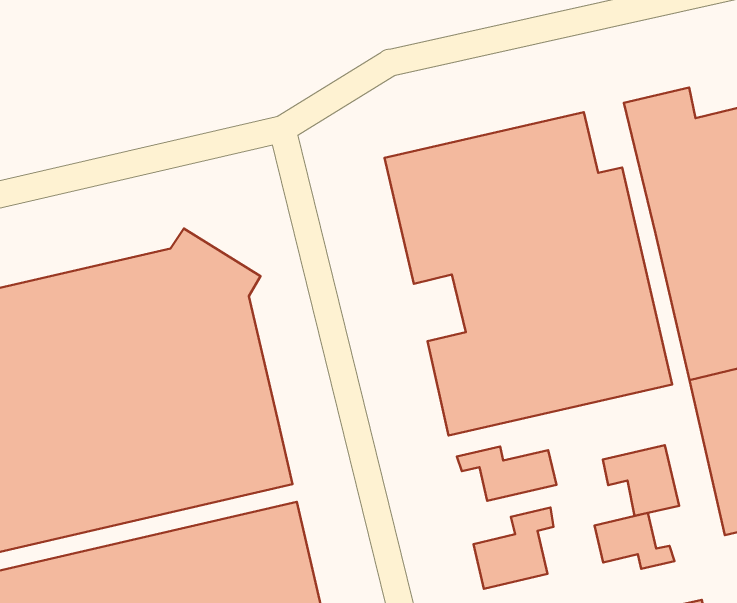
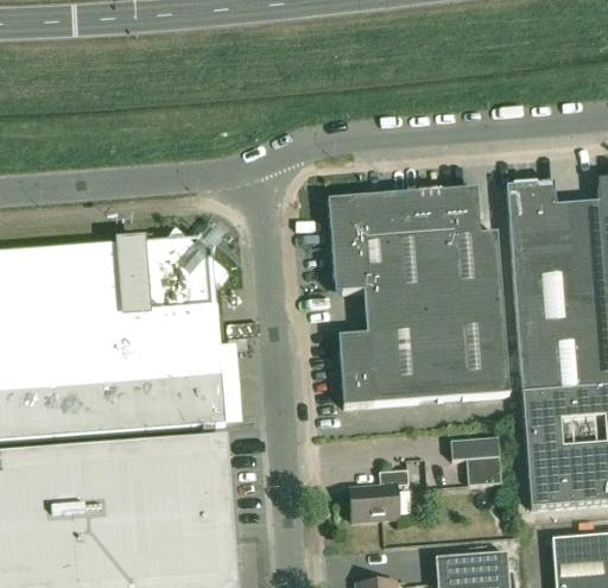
building: [457,447,556,501] -> none
building: [594,513,674,569] -> none

